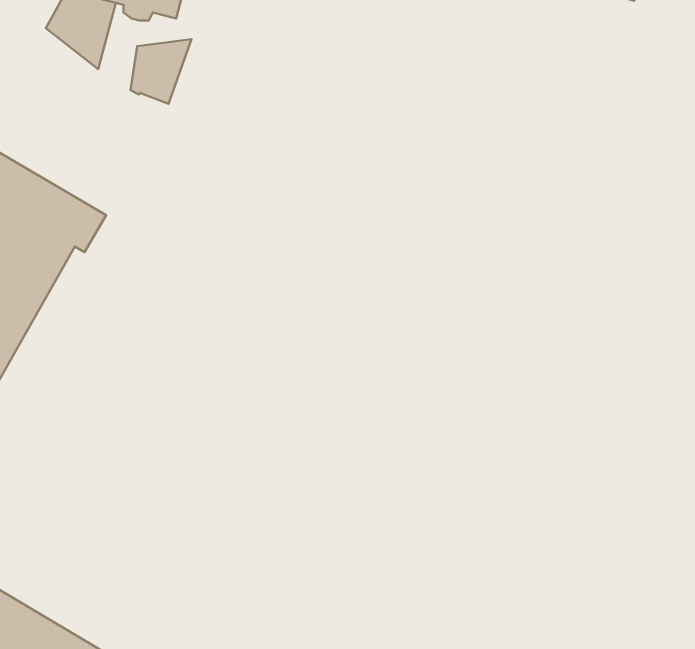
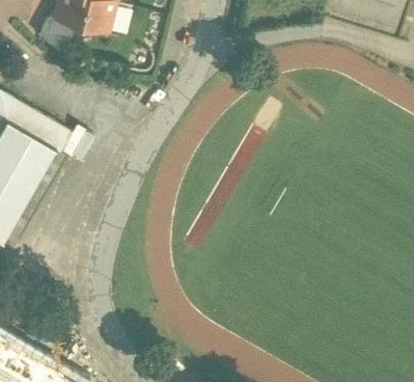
building: [131,39,192,104] -> none

